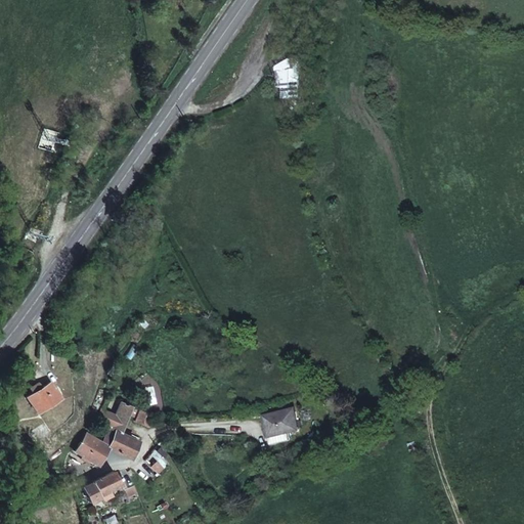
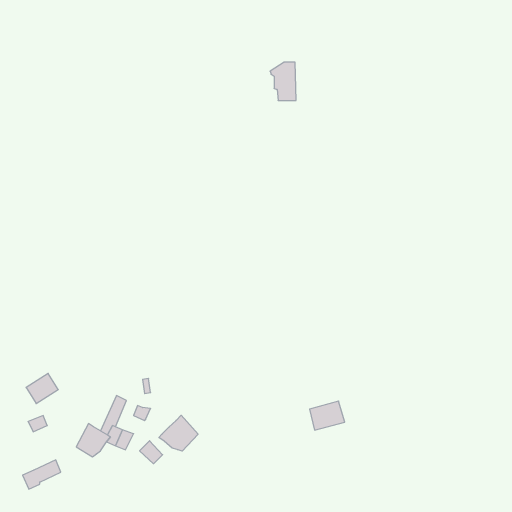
building: [264,411,300,441] -> [310,401,345,430]
building: none -> [159,415,198,451]
building: [82,473,121,503] -> [23,460,61,489]

